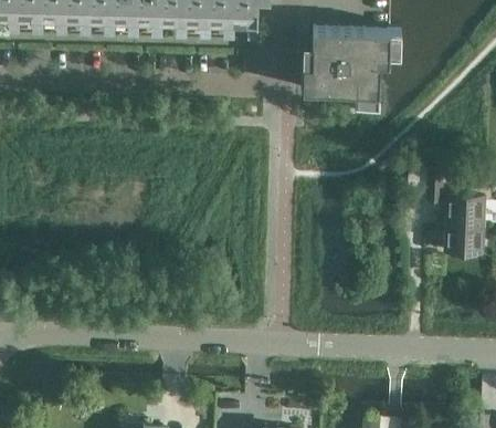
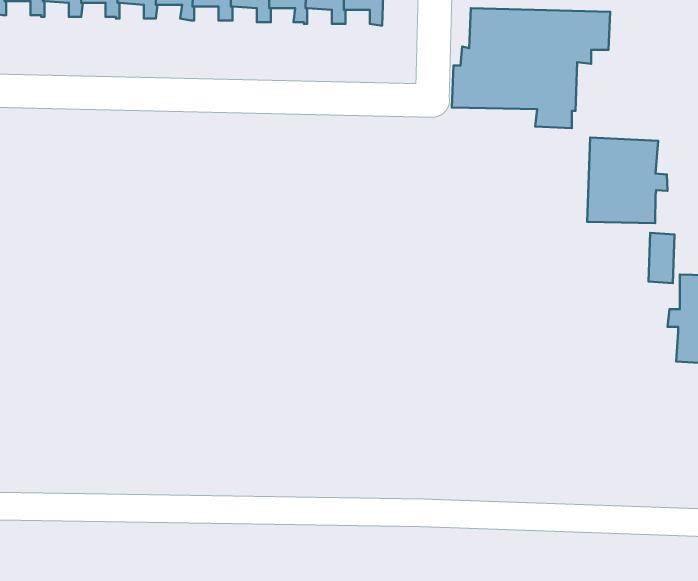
building: none -> [587,138,667,223]

